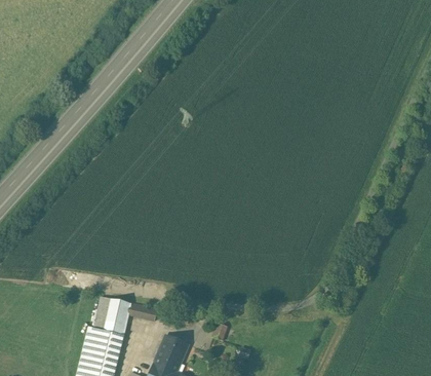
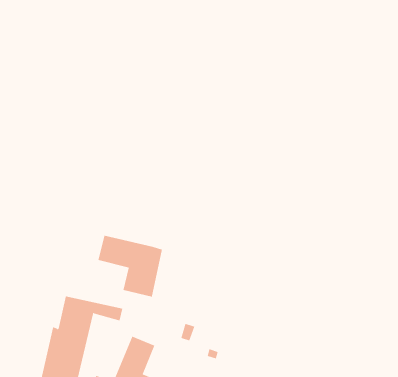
building: none -> [98,235,162,297]

